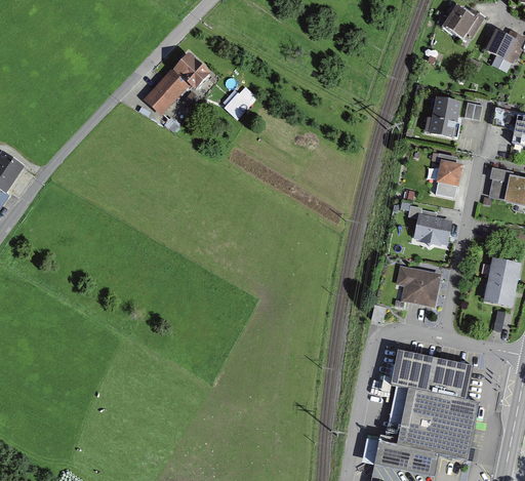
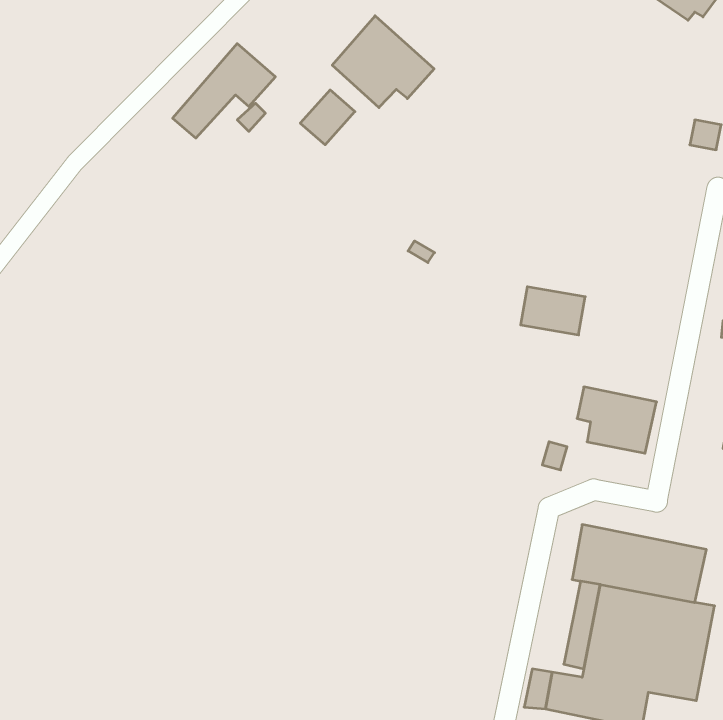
building: none -> [332,16,434,108]
building: [423,95,459,139] -> none
building: [432,159,460,186] -> none
building: [412,215,452,245] -> [521,287,585,335]

